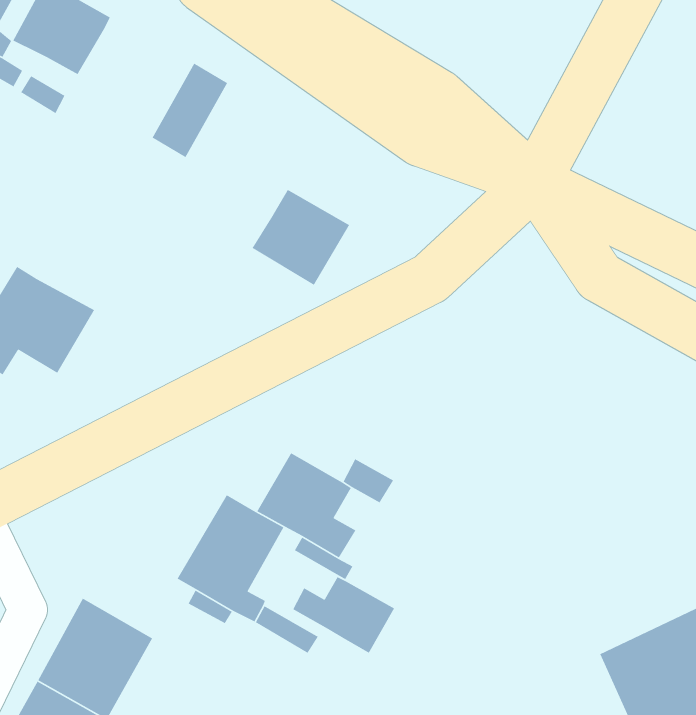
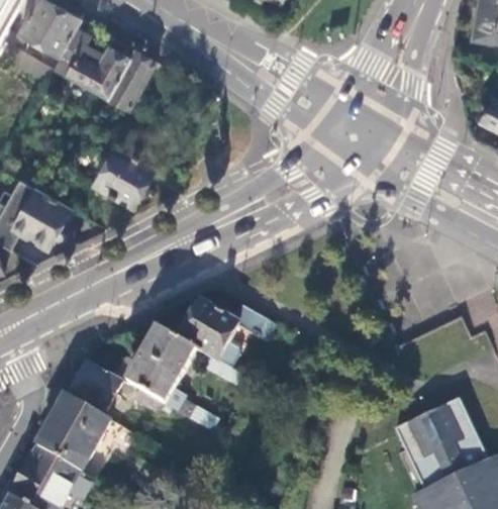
building: none -> [55,28,130,98]
building: [251,189,350,286] -> [93,146,157,209]
building: none -> [67,361,121,412]
building: [292,576,395,654] -> none

